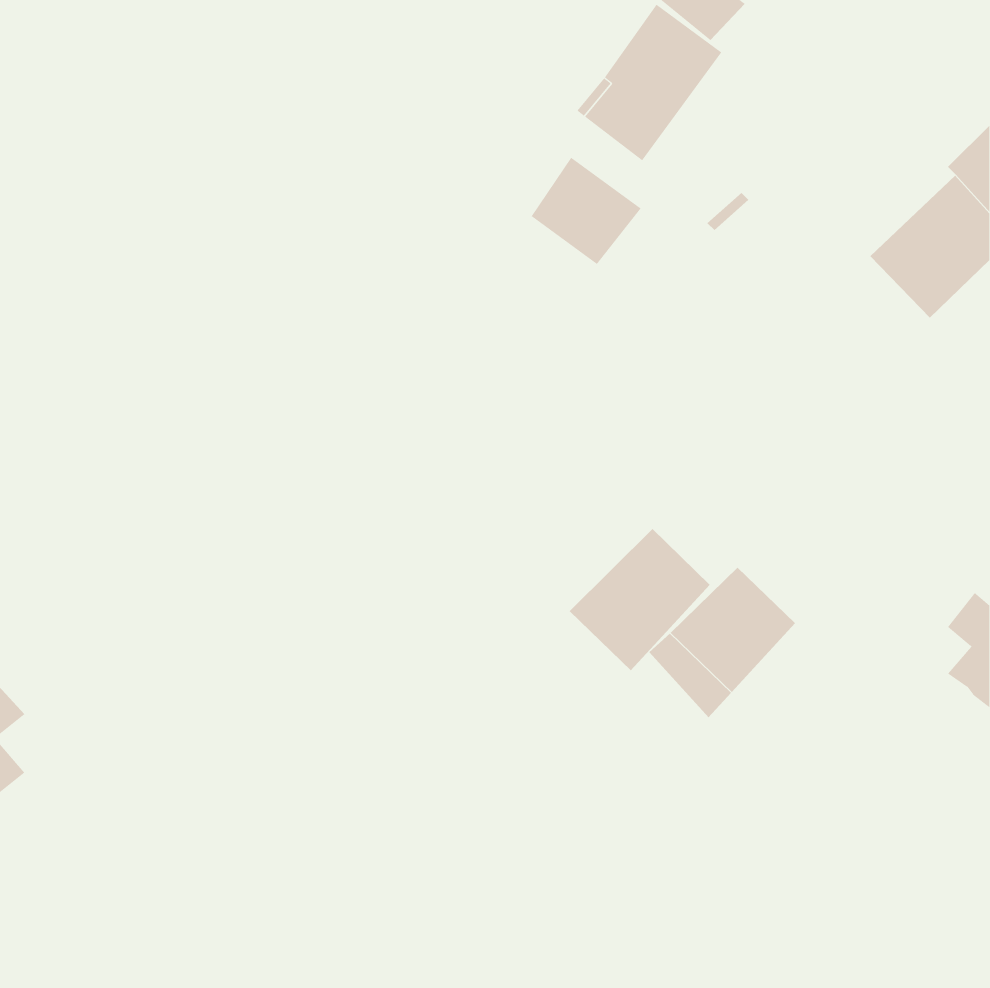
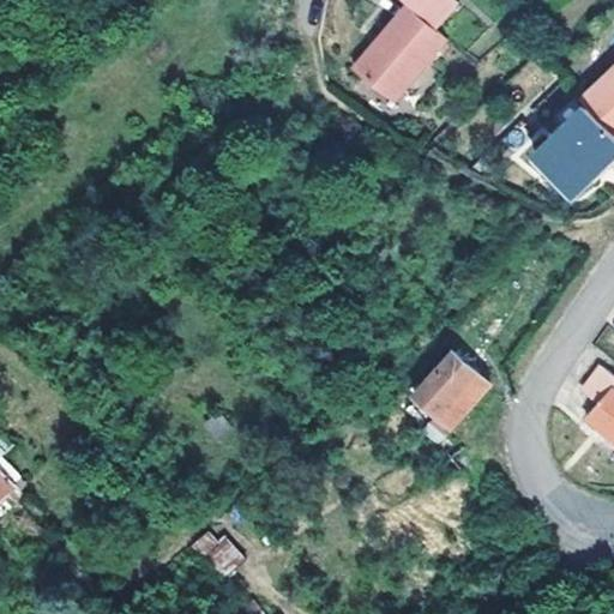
building: [531,157,641,265] -> none
building: [569,528,711,671] -> none
building: none -> [193,523,240,574]

